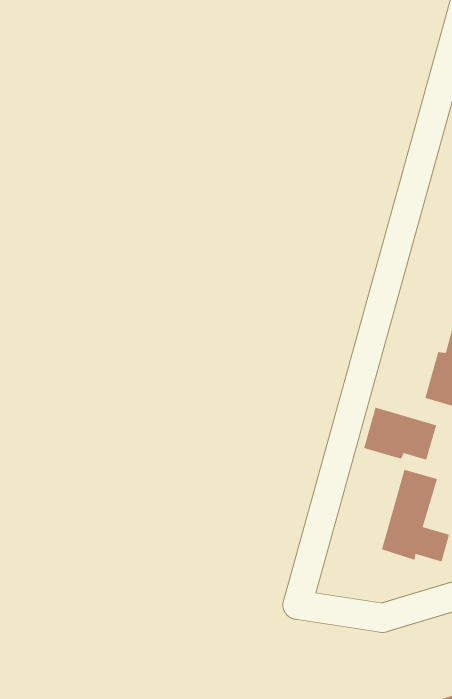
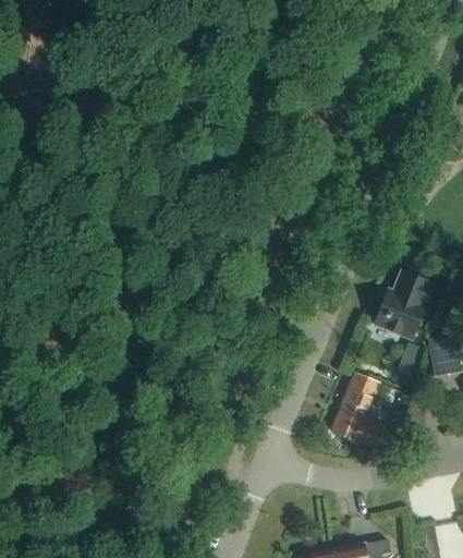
building: [364,407,437,461] -> none

